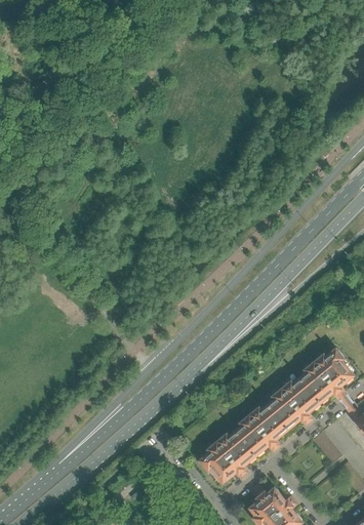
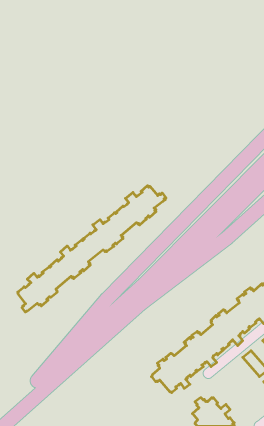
building: none -> [18,186,166,312]

